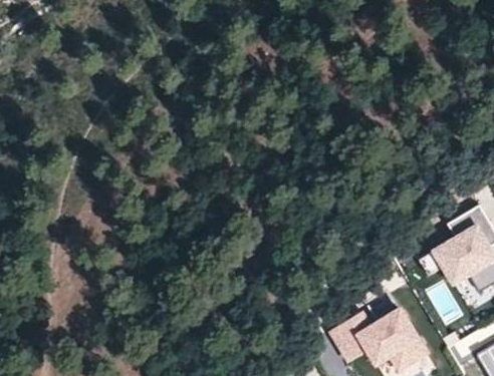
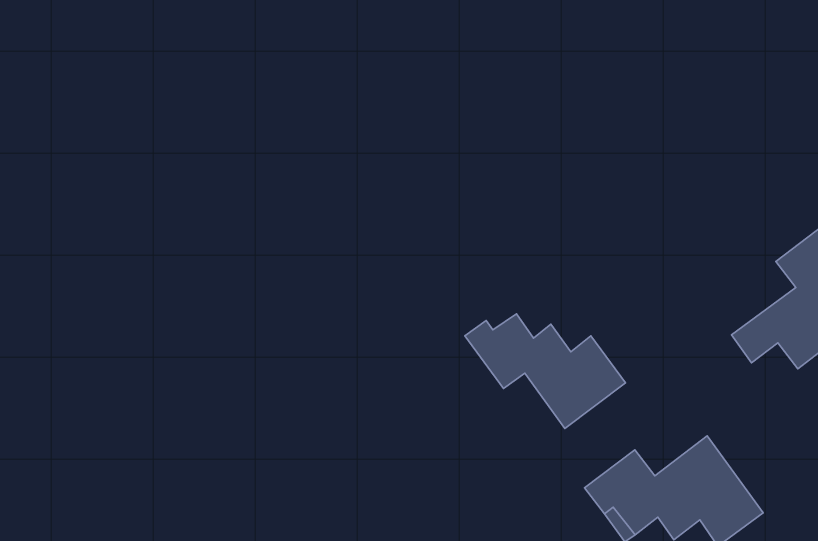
building: none -> [465,314,625,429]

